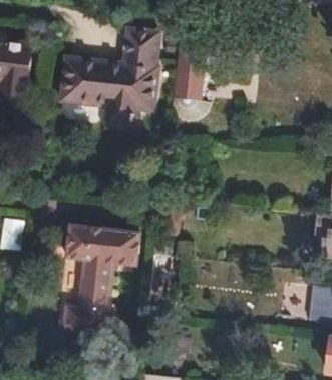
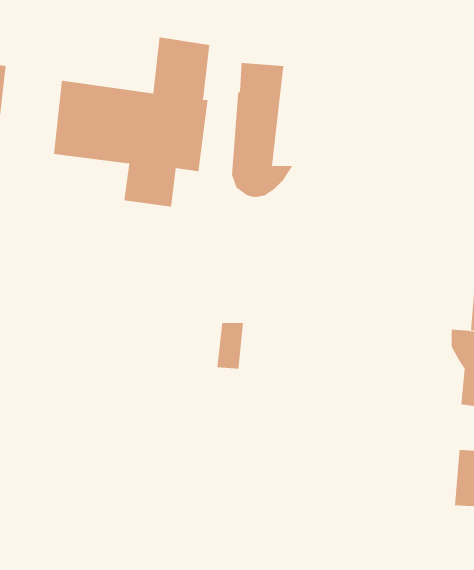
building: [64,222,141,329] -> none

